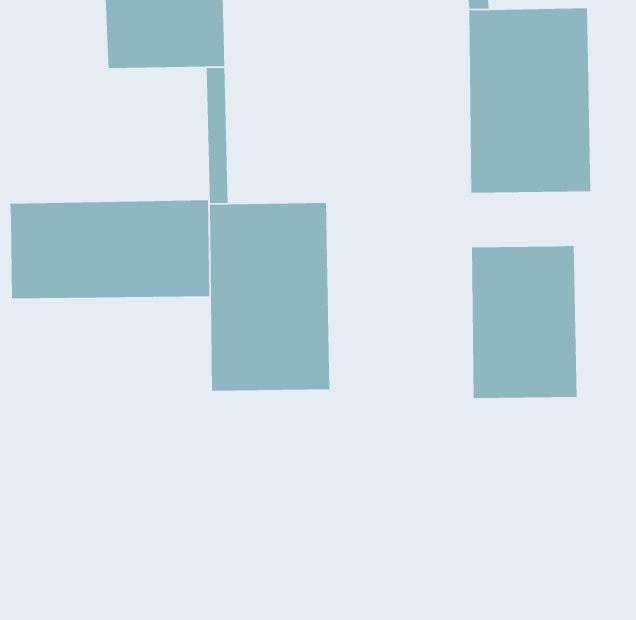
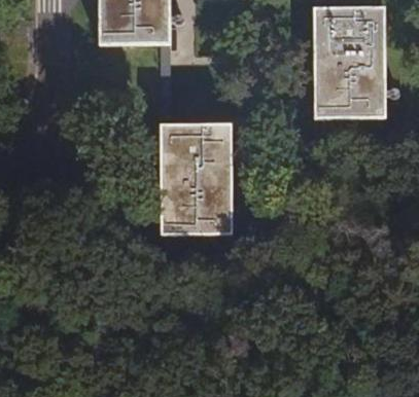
building: [10,199,210,299] -> none
building: [471,245,577,399] -> none

